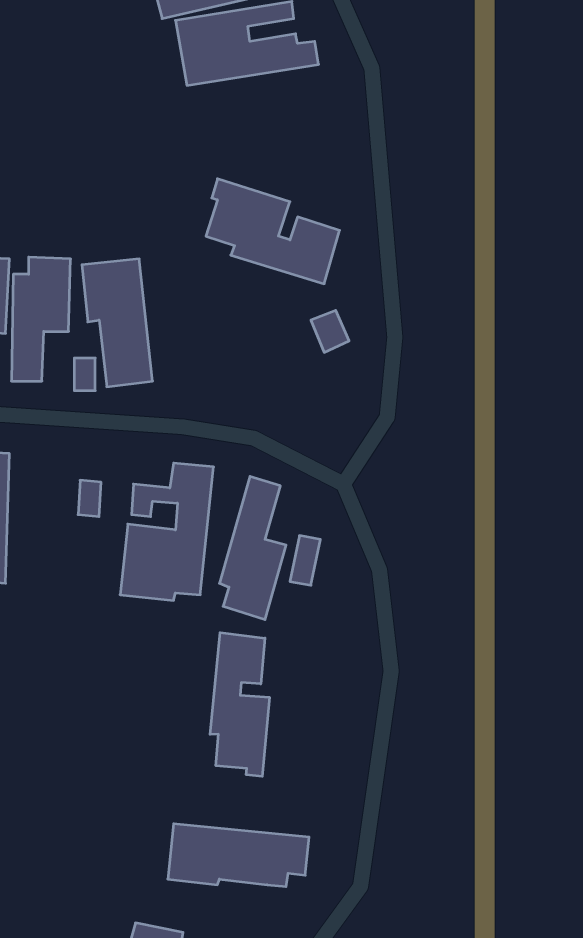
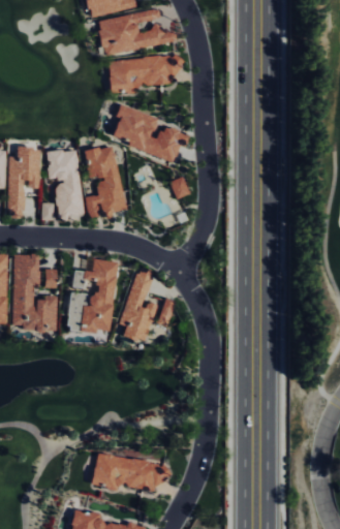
building: none -> [109,54,184,94]
building: none -> [84,145,127,218]
building: none -> [12,254,57,332]
building: [210,633,269,776] -> none

